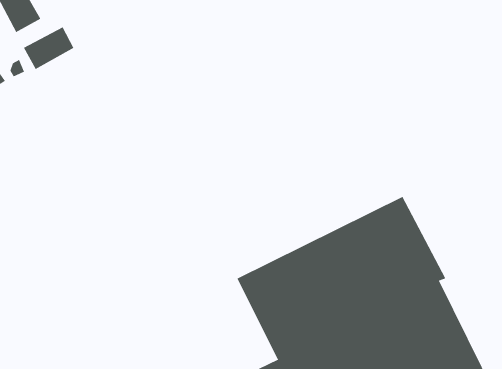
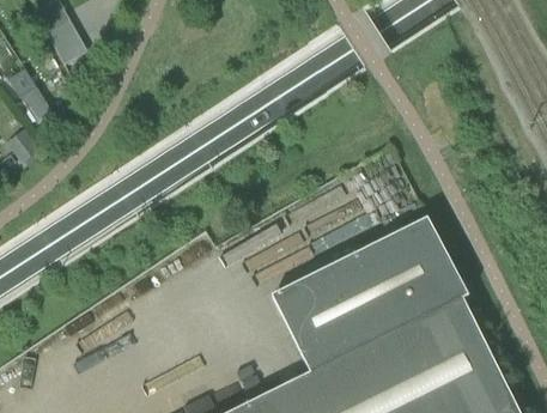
building: [23,26,74,70] -> none

